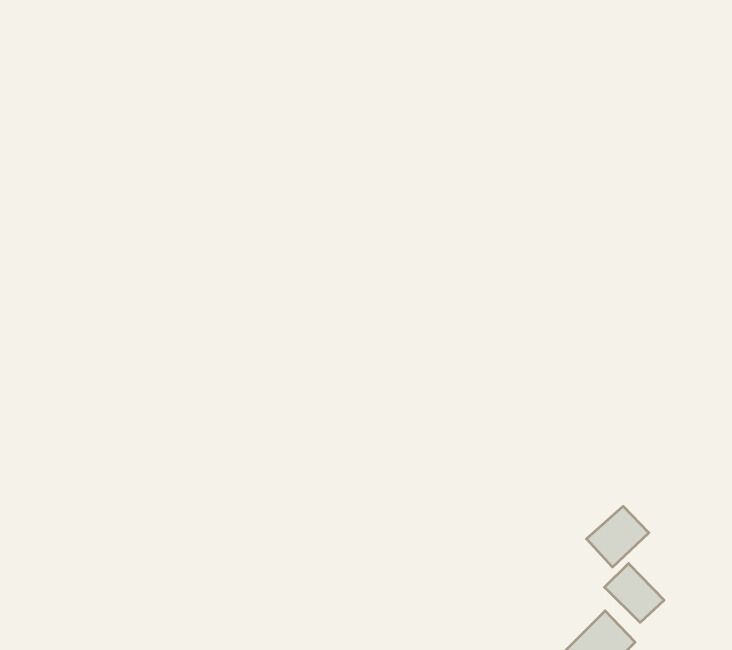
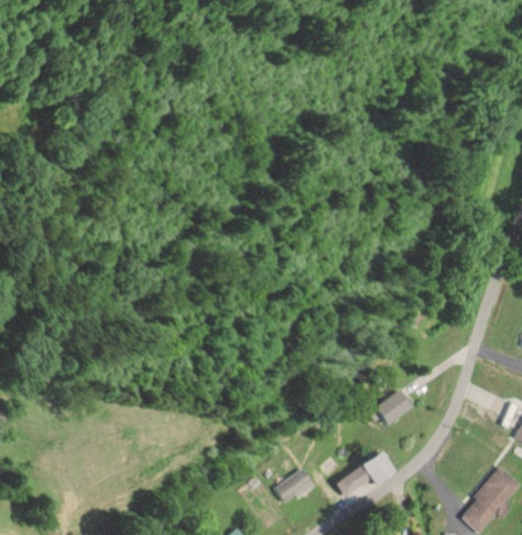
building: [604,563,664,622] -> none

